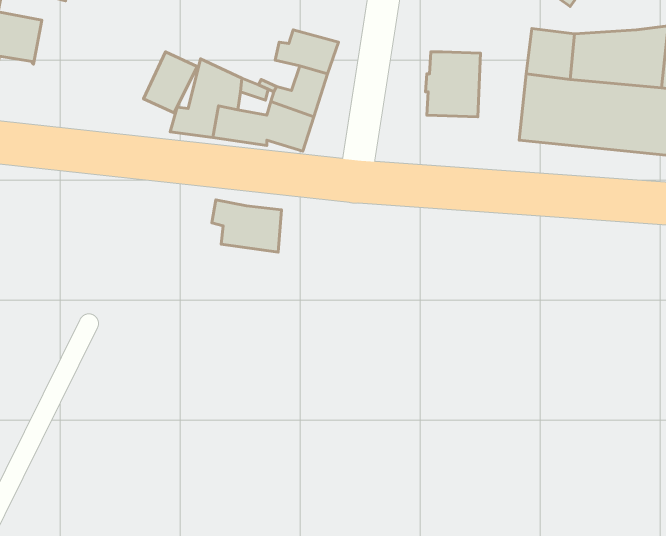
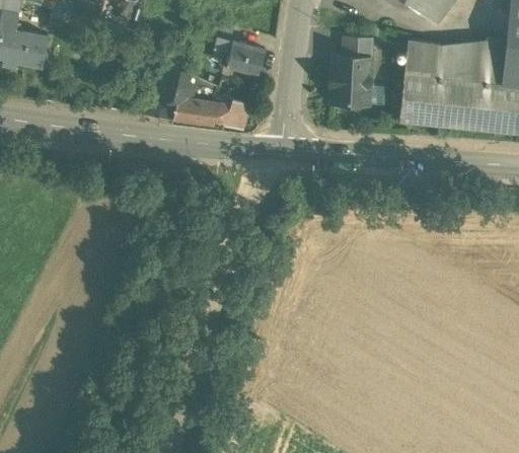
building: none -> [342,37,371,59]
building: [143,52,197,113] -> none
building: [212,200,282,252] -> none

